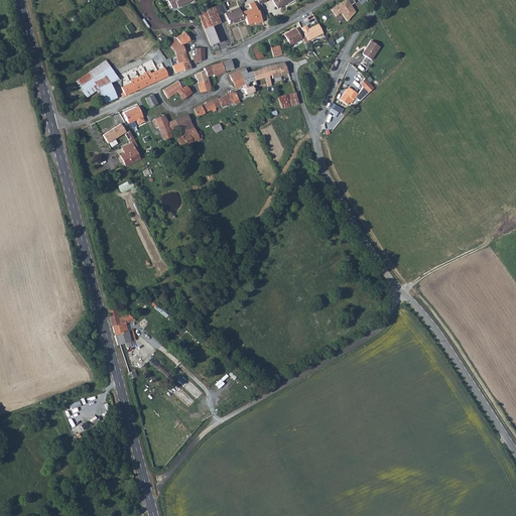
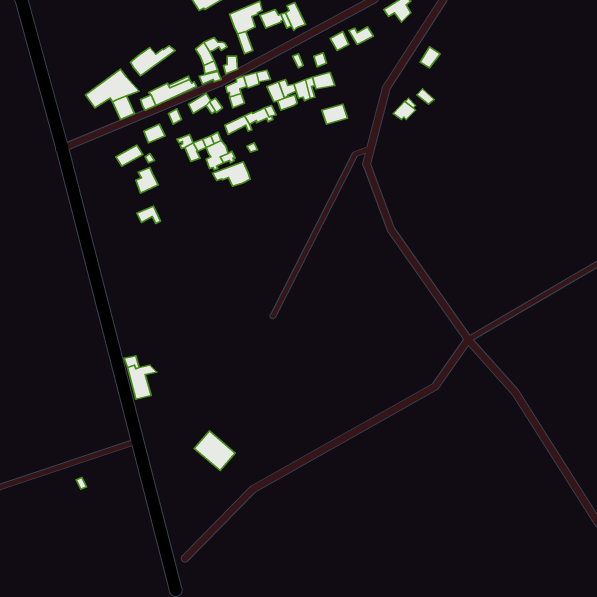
building: none -> [130,46,175,76]
building: none -> [213,162,250,186]

